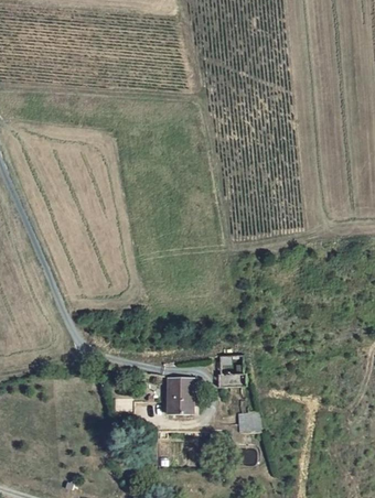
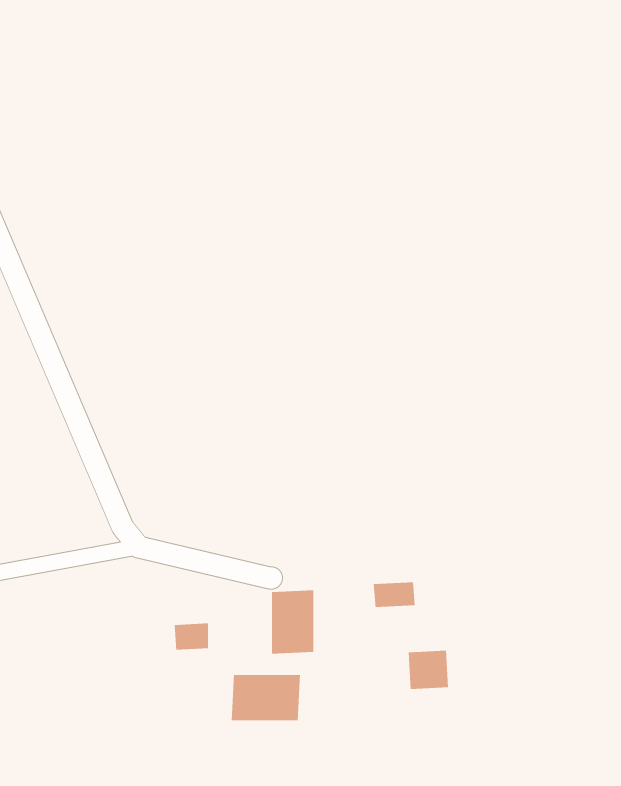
building: none -> [231,674,300,721]

